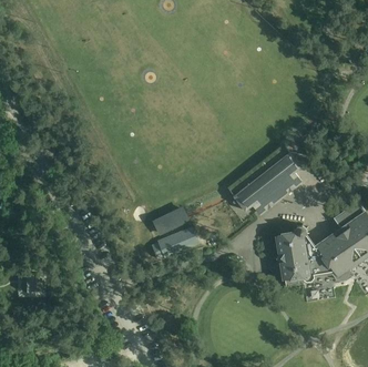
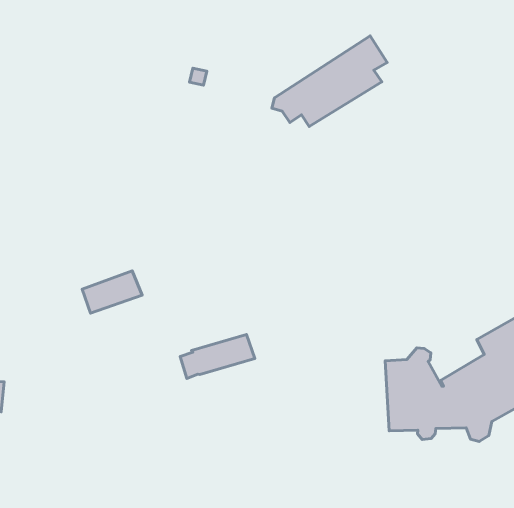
building: [233,152,301,212] -> [272,36,387,126]
building: [152,206,190,235] -> [82,271,142,313]

